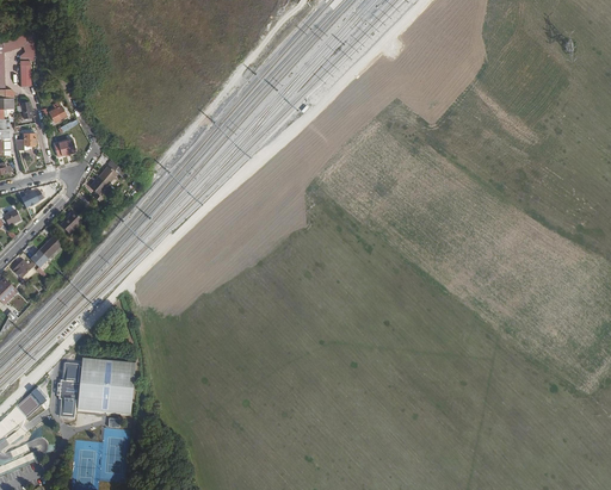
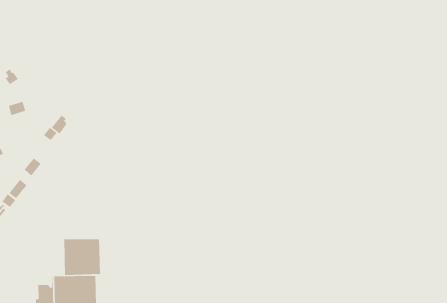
building: none -> [63,239,101,276]

